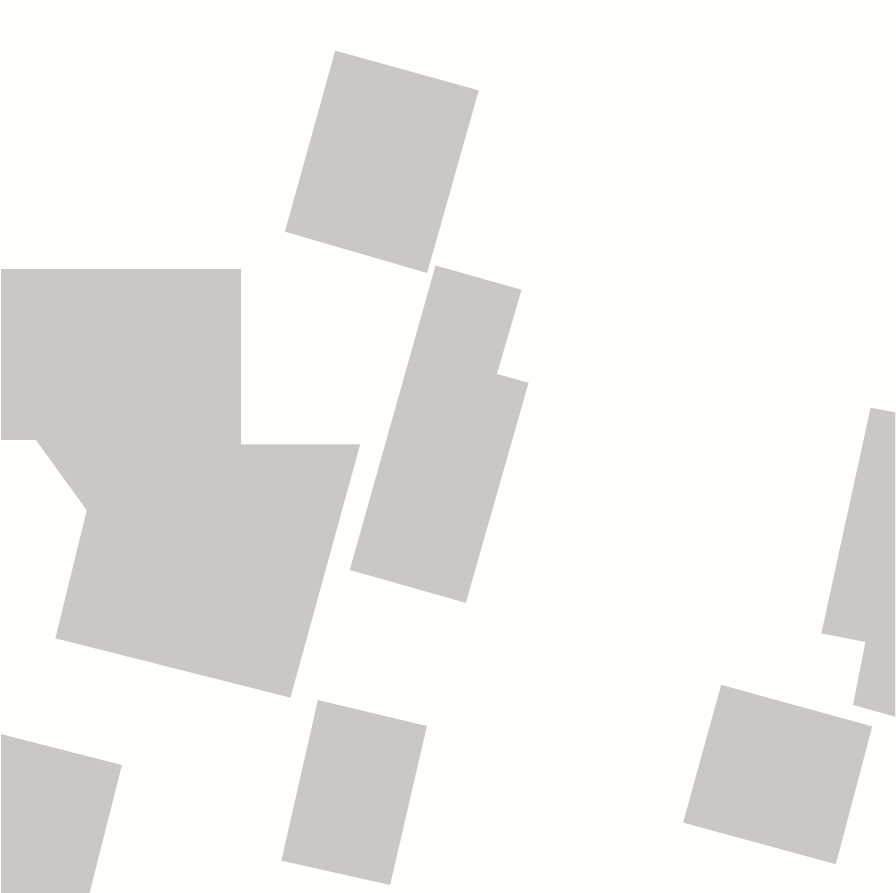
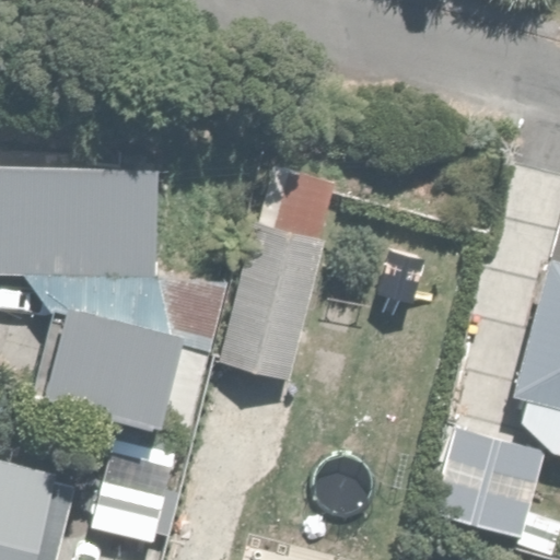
building: [284,50,479,274] -> none
building: [280,699,428,885] -> [84,425,176,541]

